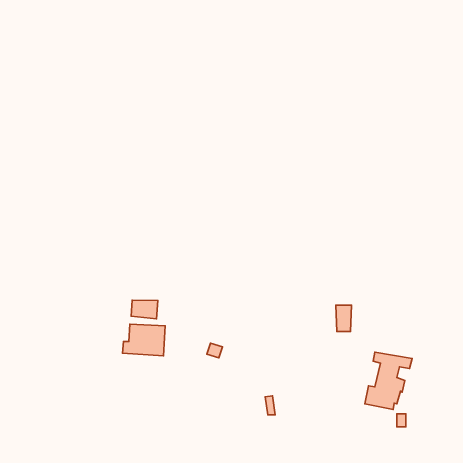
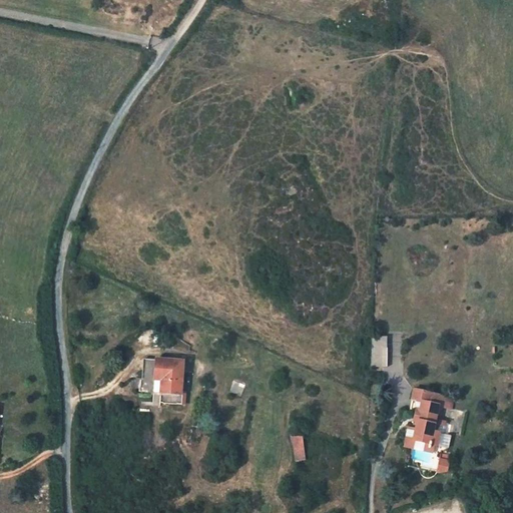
building: [131,300,158,319] -> none

